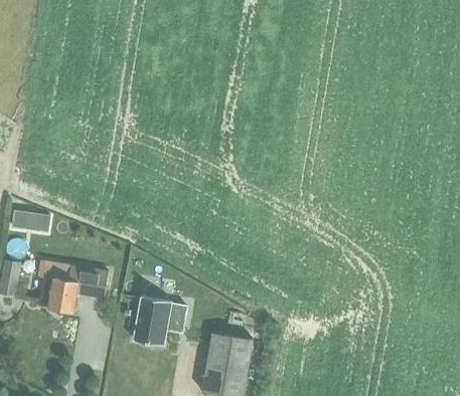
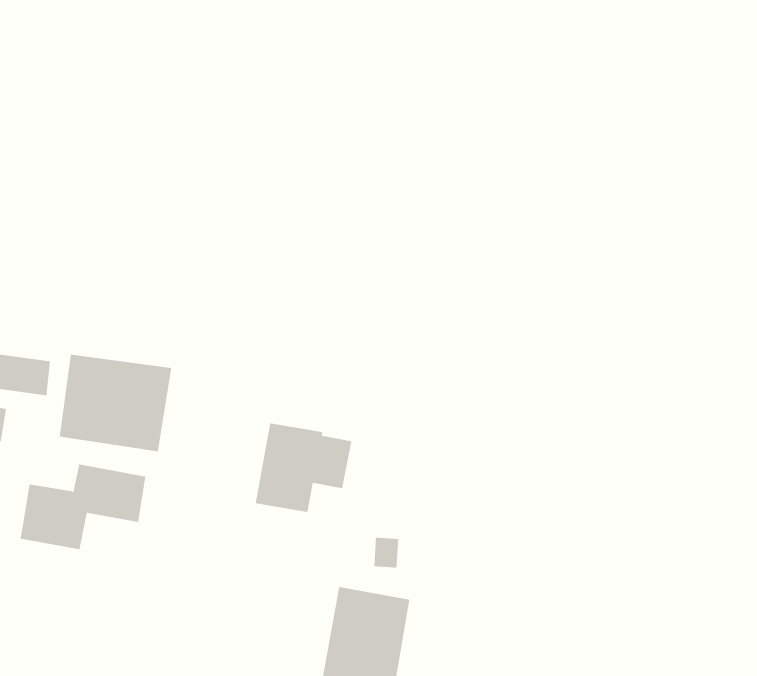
building: none -> [59,354,172,452]
building: [133,296,186,346] -> [255,423,352,513]

